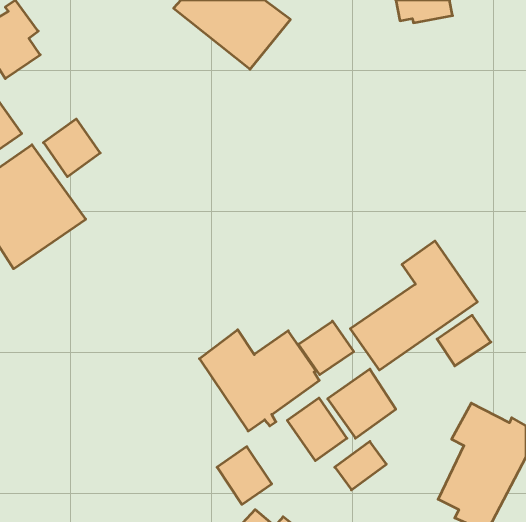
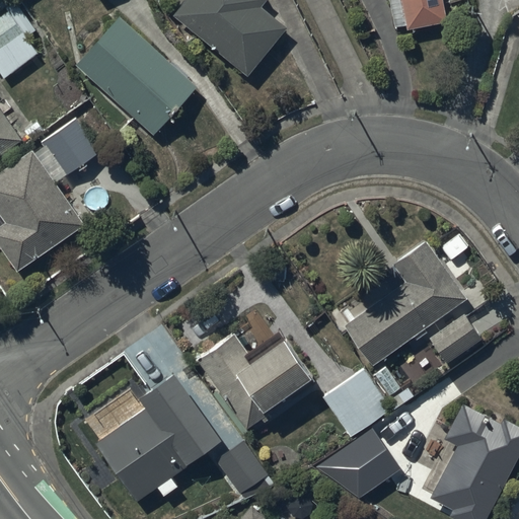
building: none -> [77,19,200,138]
building: [298,321,354,375] -> none
building: none -> [94,373,222,504]
building: [287,398,347,461] -> none

